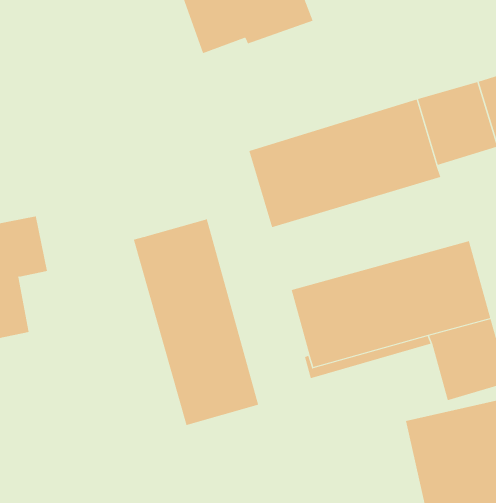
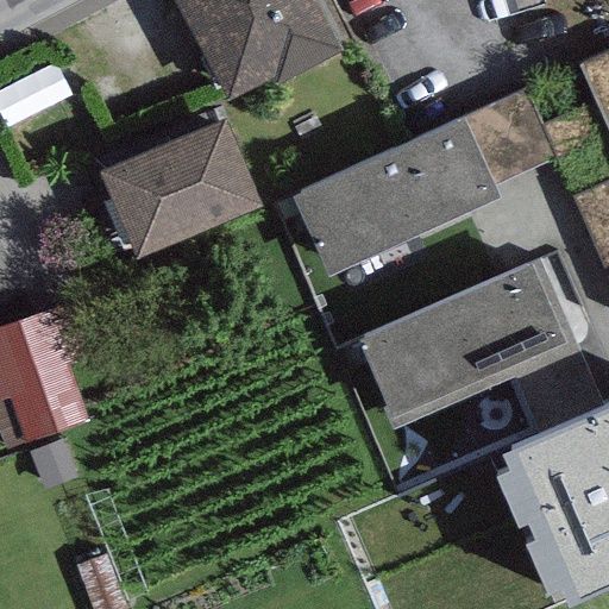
building: none -> [99,118,260,256]
building: [133,219,259,426] -> none

